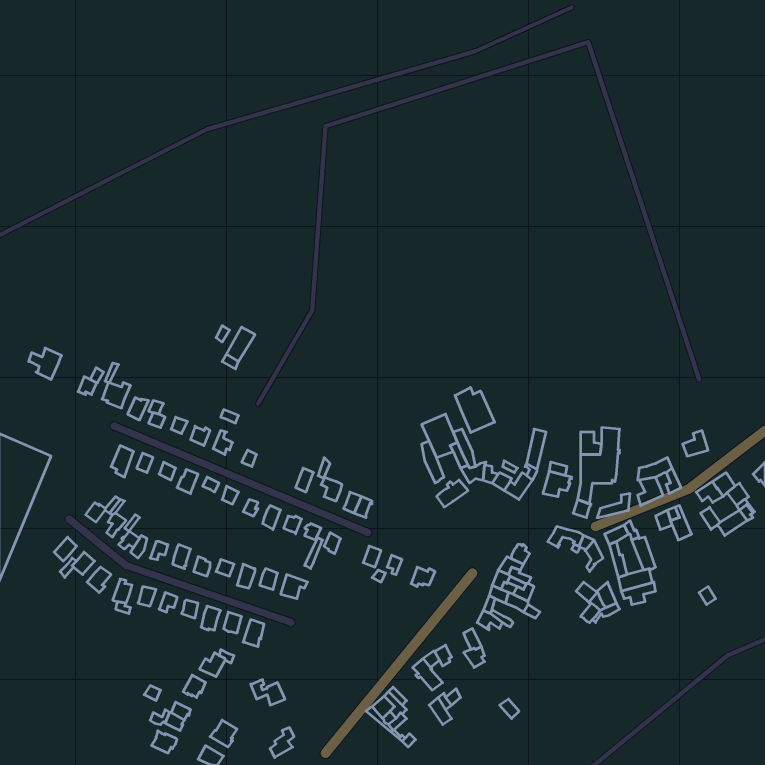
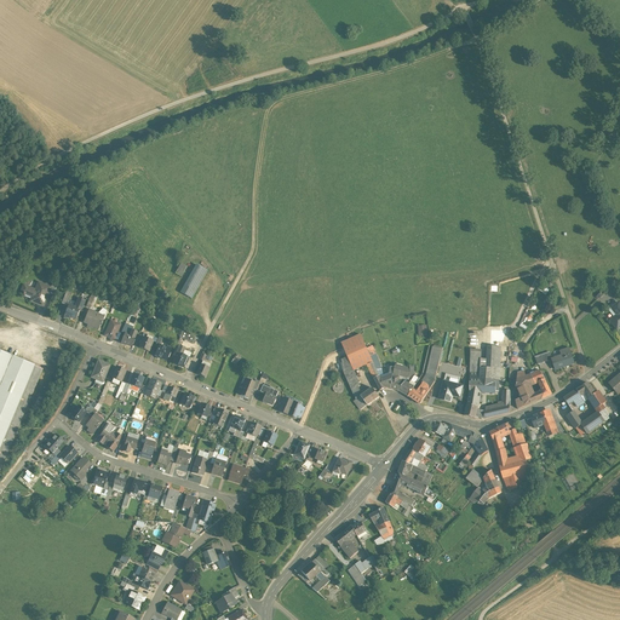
building: [455,387,495,433] -> none

